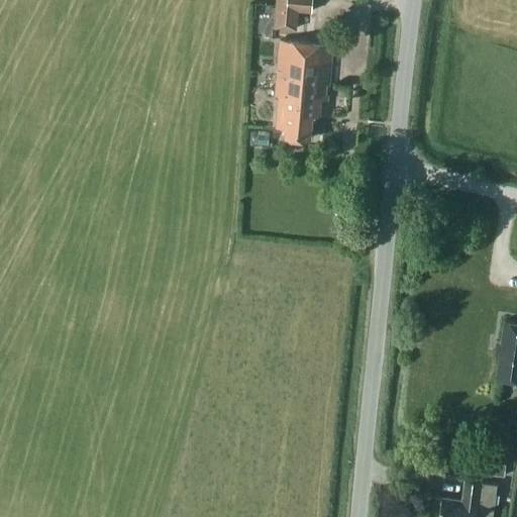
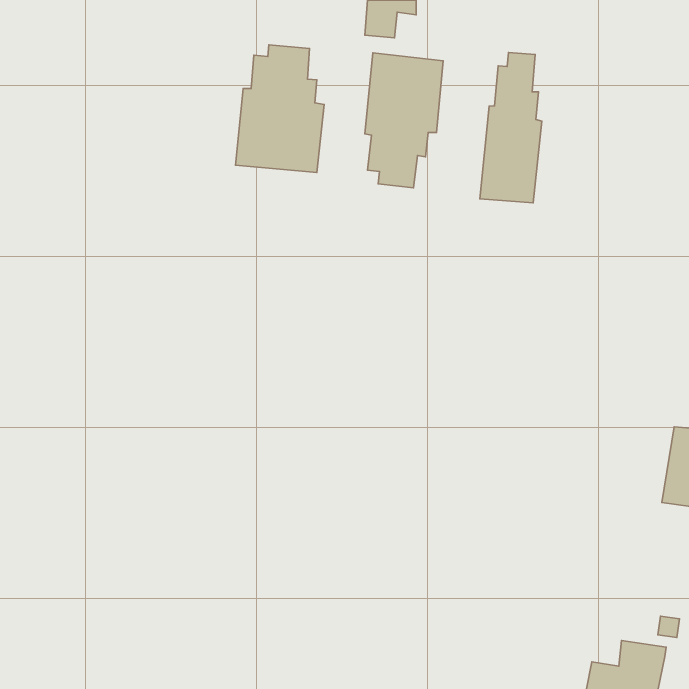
building: none -> [235,45,324,172]
building: none -> [480,53,542,203]

